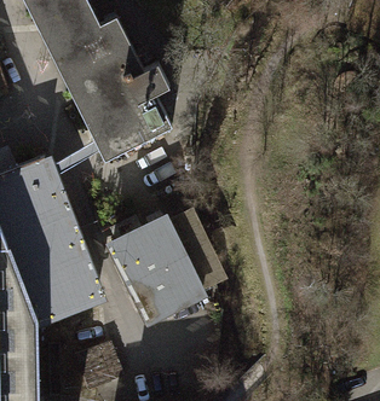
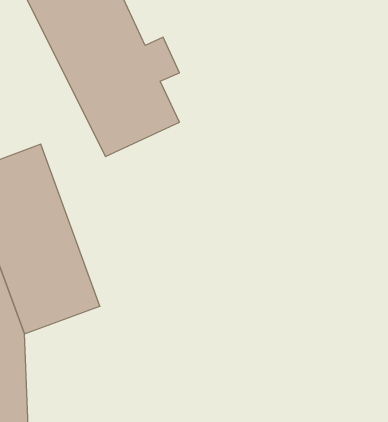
building: [106,200,225,322] -> none

